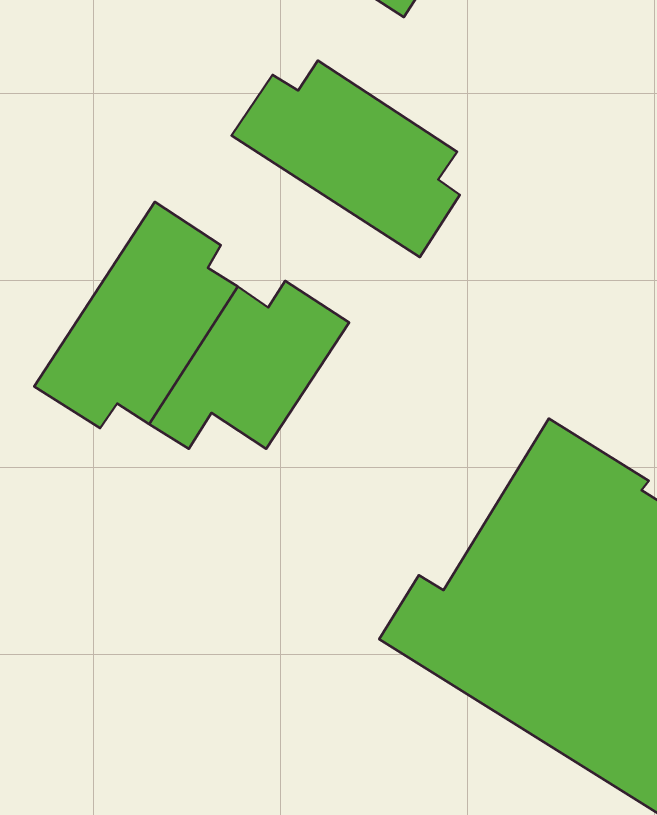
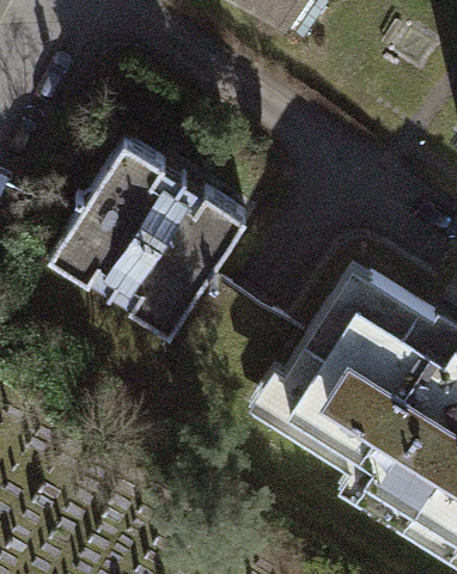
building: [232,60,460,257] -> none

